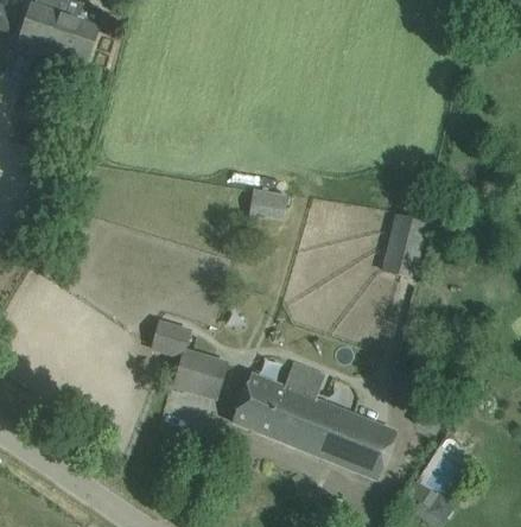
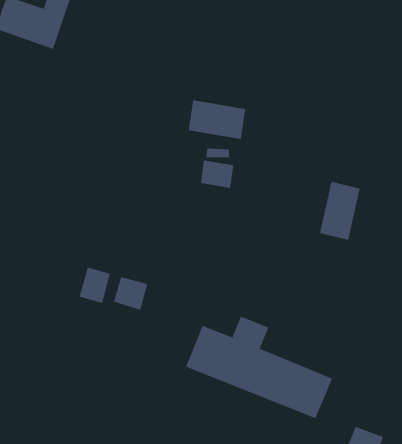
building: none -> [188,99,246,140]
building: none -> [79,267,111,304]
building: [180,357,224,394] -> none

